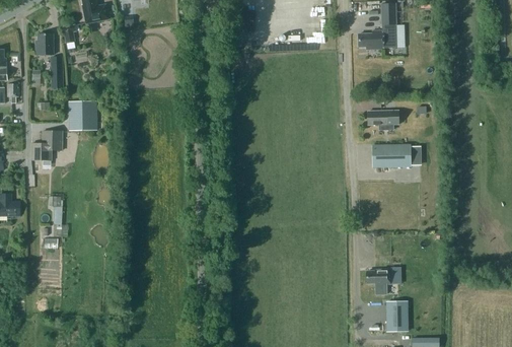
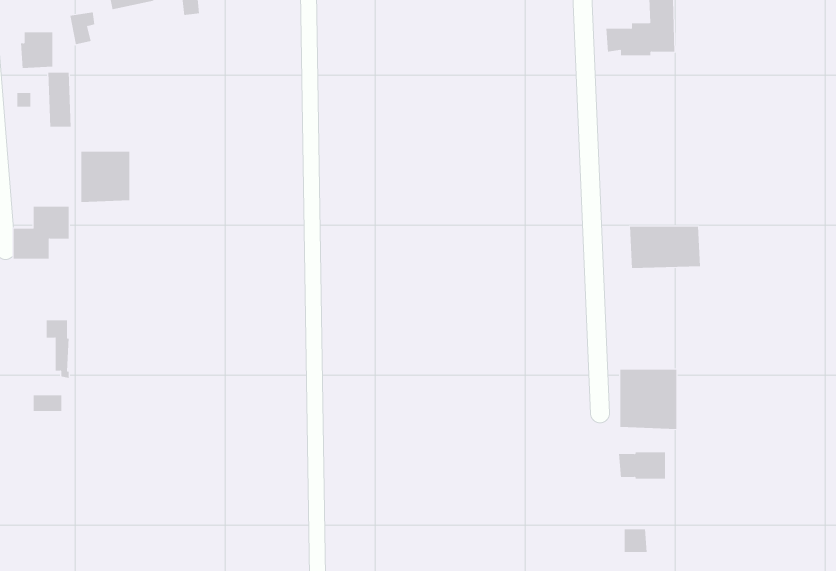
building: [369,112,400,130] -> none
building: none -> [620,369,677,430]
building: [387,300,409,330] -> none

